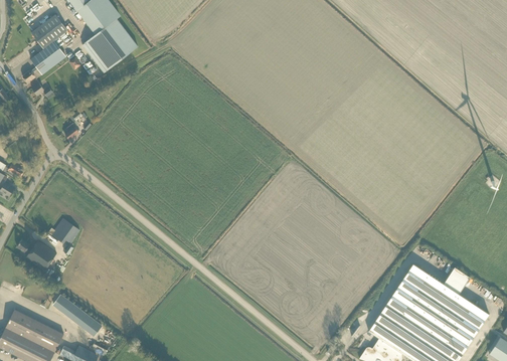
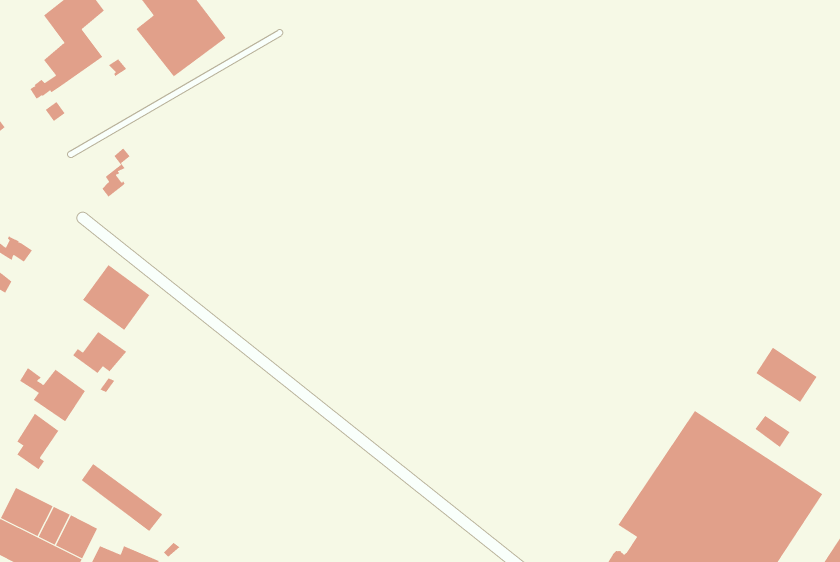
building: none -> [82,264,150,331]
building: none -> [756,347,818,403]
building: none -> [16,413,59,470]

